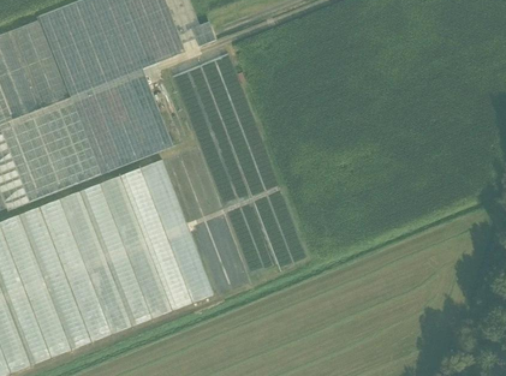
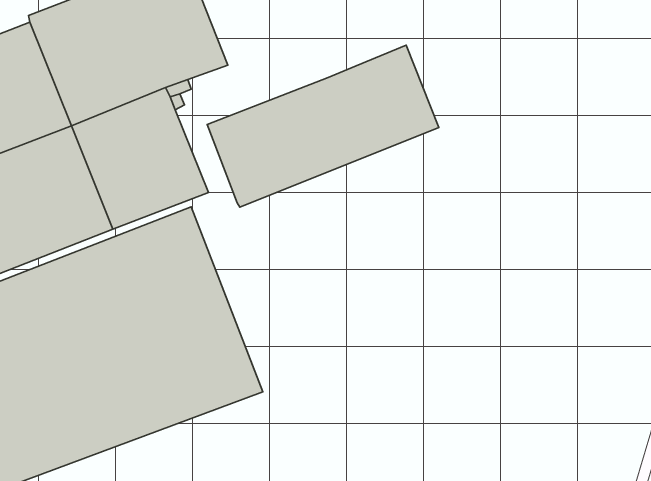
building: none -> [207,45,439,207]

